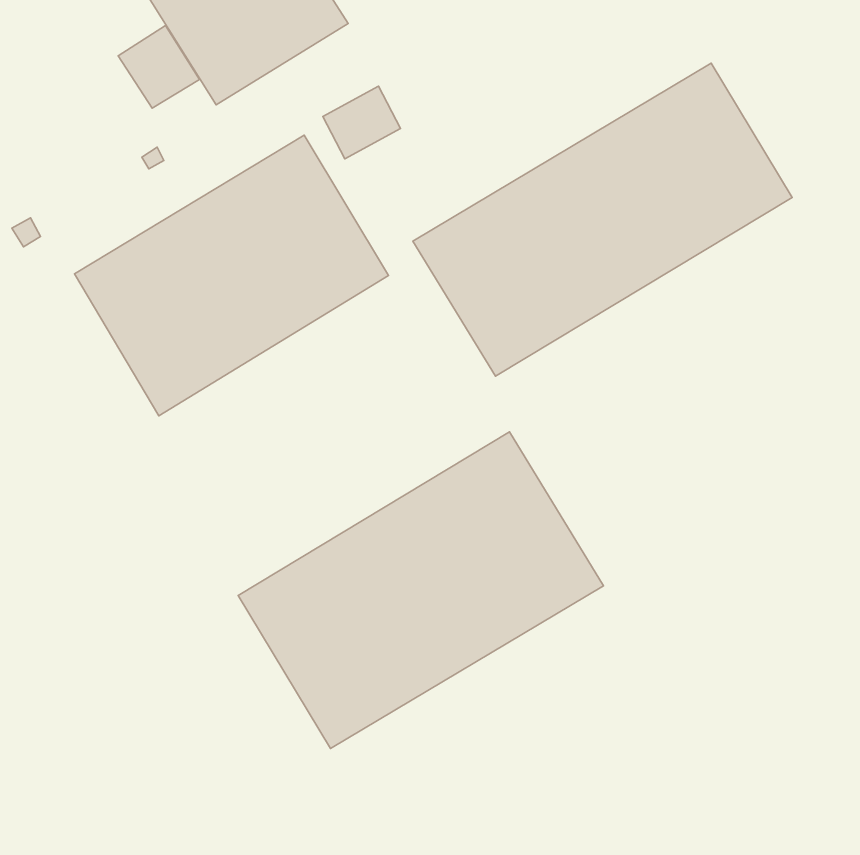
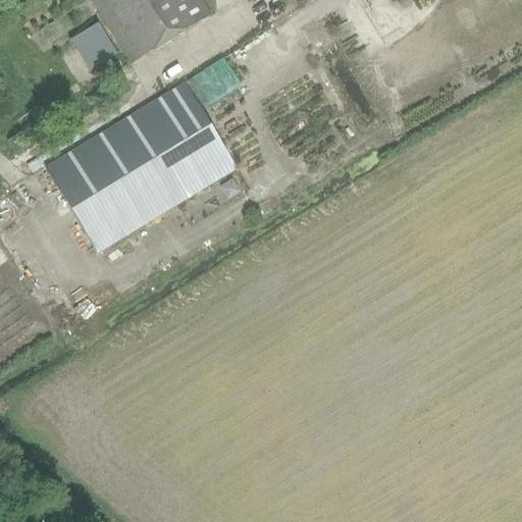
building: [413,63,792,376] -> none
building: [238,432,603,749] -> none

